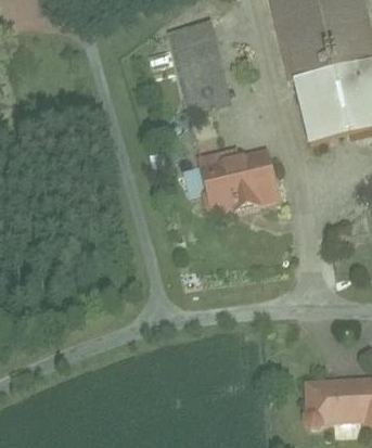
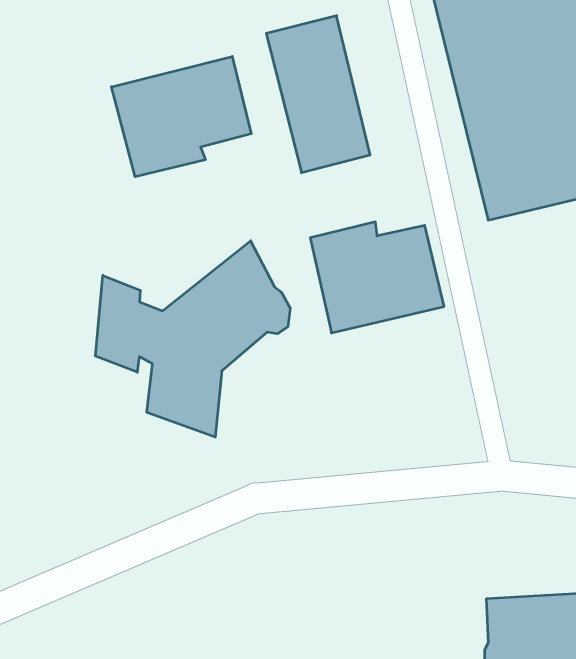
building: none -> [111,56,251,177]
building: none -> [95,241,290,437]

